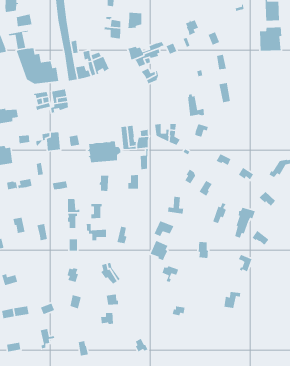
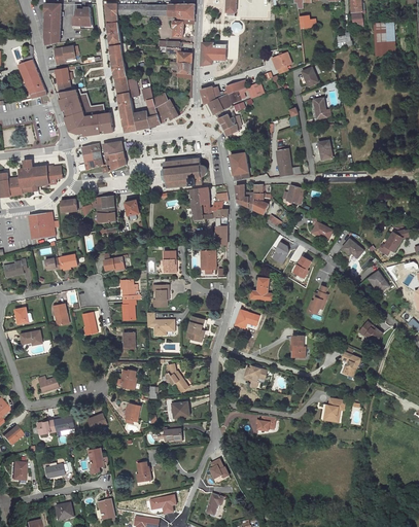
building: [259,27,282,51] -> none
building: none -> [229,151,247,180]
building: [86,140,121,163] -> [161,156,205,186]
building: [234,207,256,239] -> none
building: [149,240,168,261] -> none

